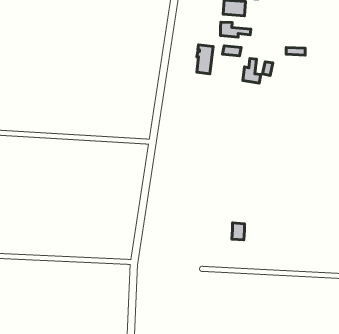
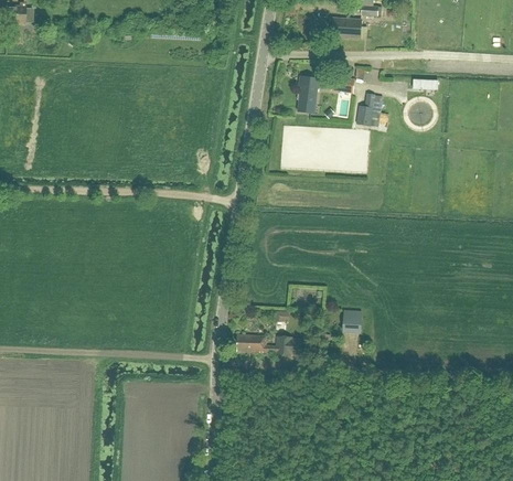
building: [221,22,251,37] -> none
building: none -> [237,333,303,354]

